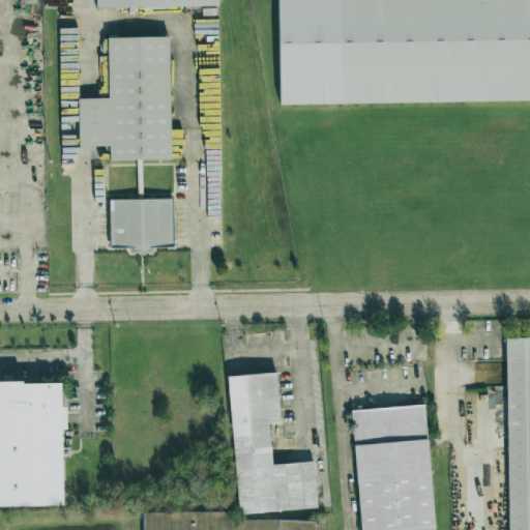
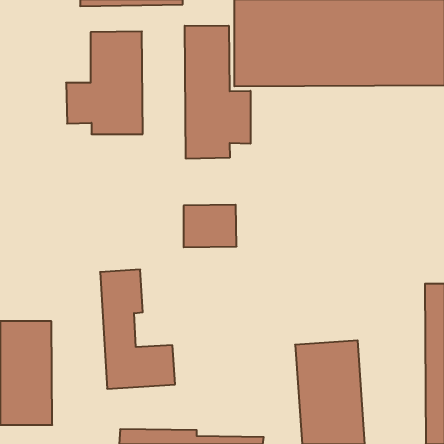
building: none -> [185,26,250,159]
building: [111,198,174,248] -> [184,205,237,247]
building: [229,372,318,513] -> [100,270,175,389]

